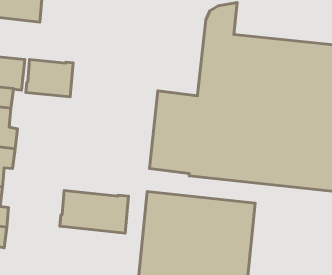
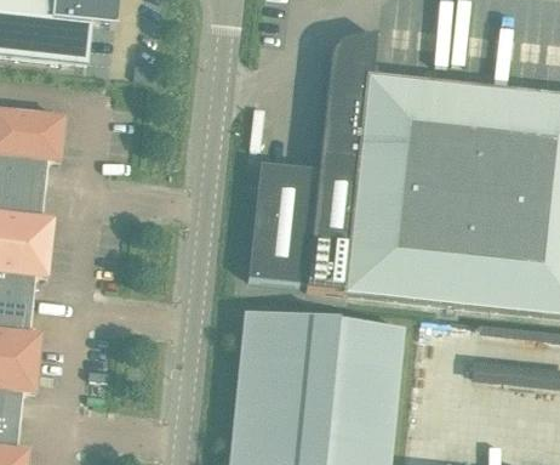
building: [26,60,73,97] -> none
building: [60,190,129,233] -> none

